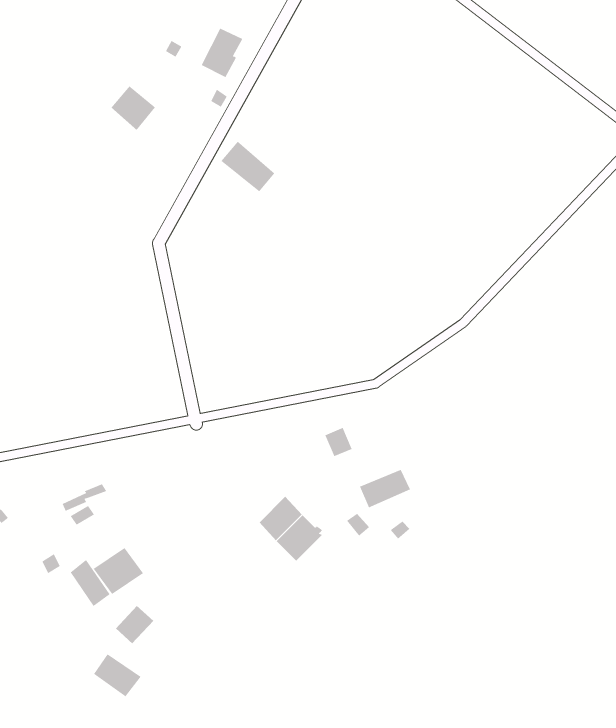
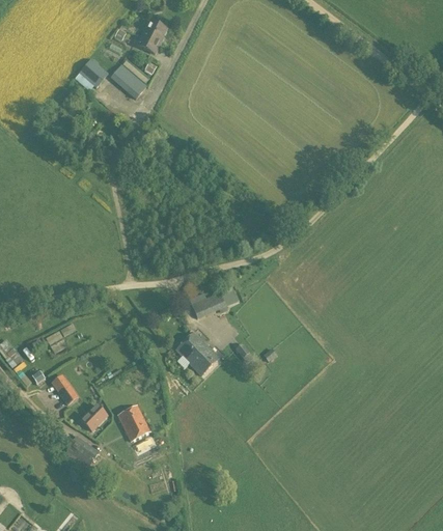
building: [220,141,275,192] -> [110,63,146,97]
building: [359,469,411,508] -> [191,291,225,317]
building: [93,547,144,595] -> none
building: none -> [117,404,149,440]

